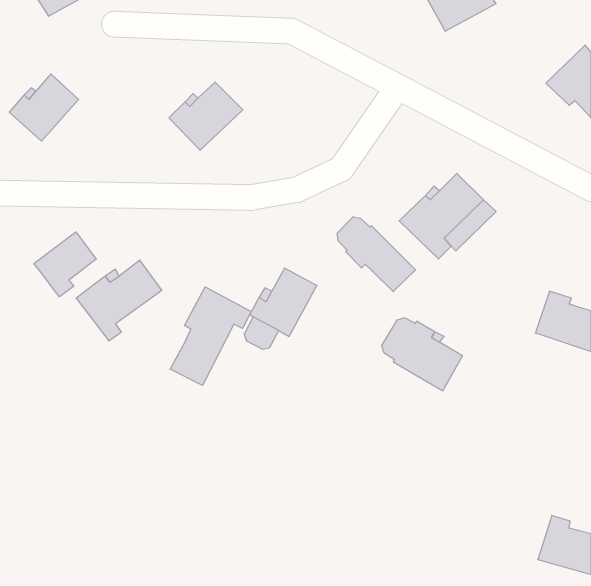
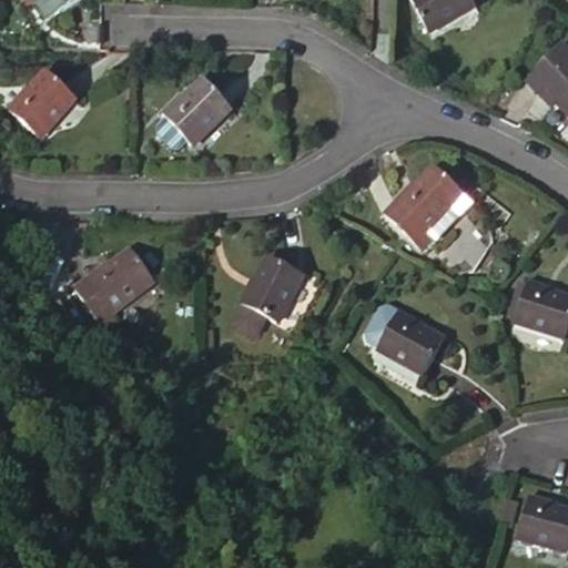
building: [337,217,416,292] -> none
building: [34,232,96,297] -> none
building: [170,287,251,385] -> none

